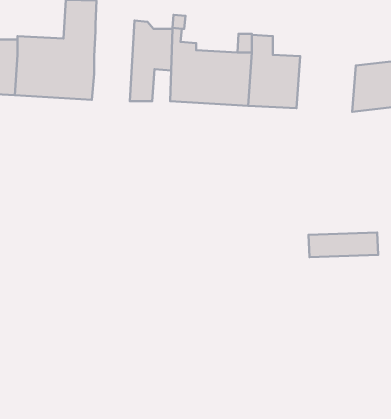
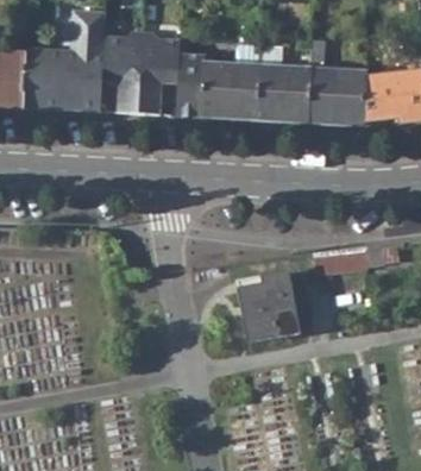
building: none -> [102,33,143,114]
building: none -> [306,64,365,125]
building: none -> [239,271,297,341]

